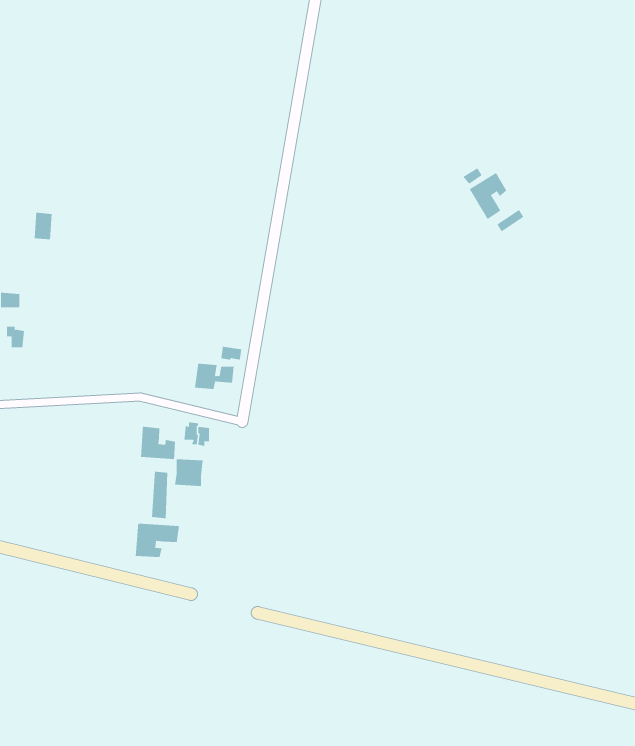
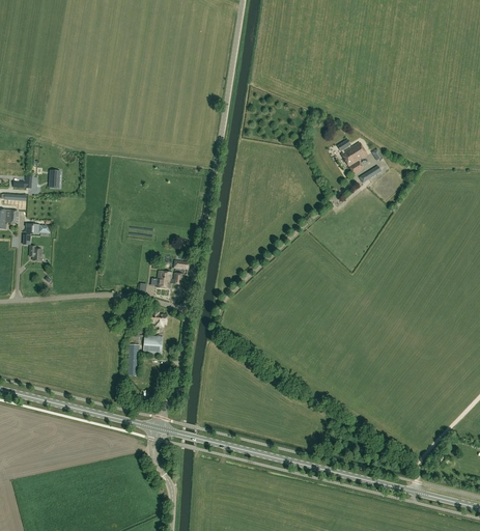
building: [140,426,176,460] -> none
building: [135,523,179,558] -> none

